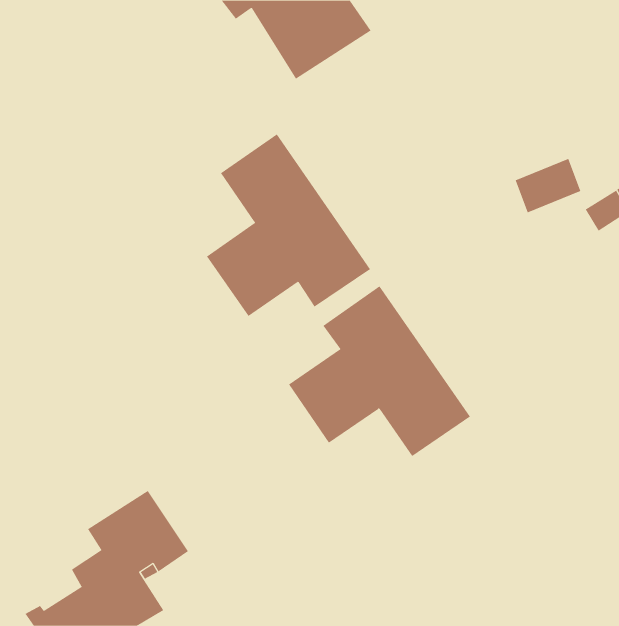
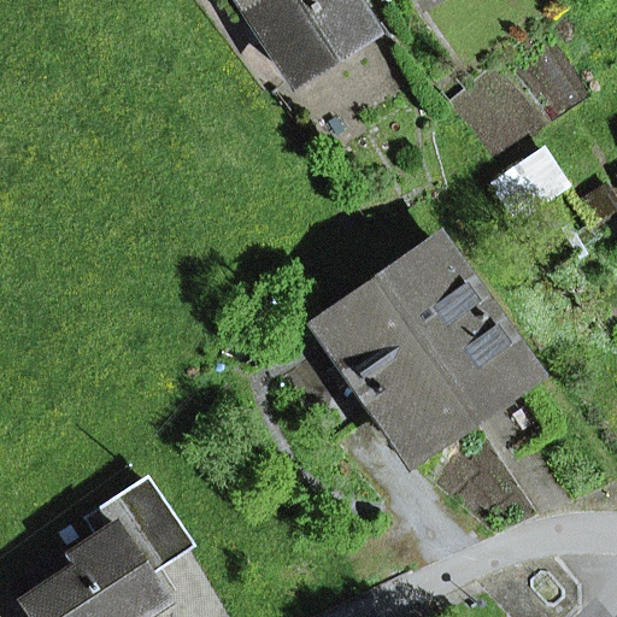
building: [206,133,371,317] -> none
building: none -> [378,236,530,410]

